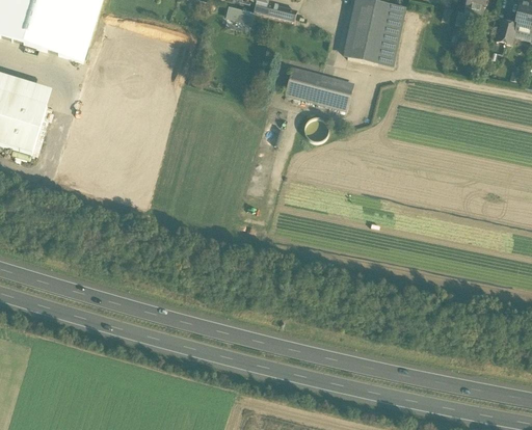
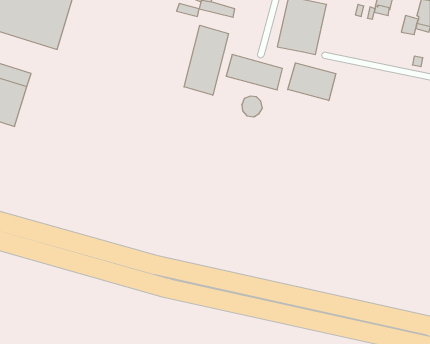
building: none -> [184,25,229,95]
building: none -> [288,63,336,101]

